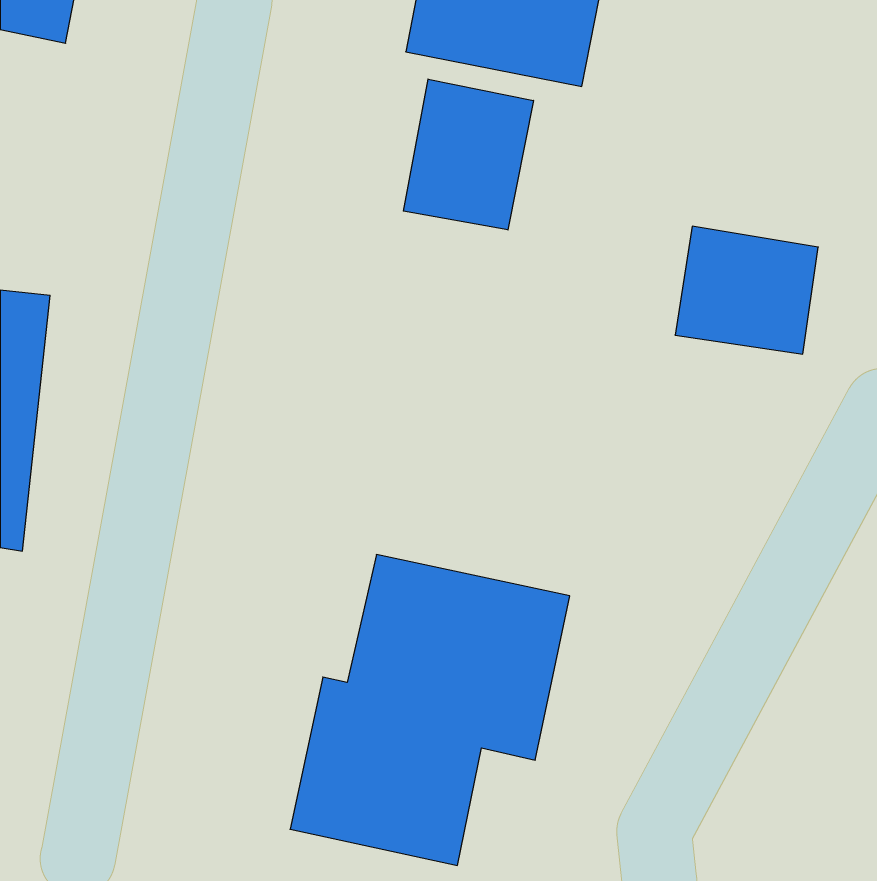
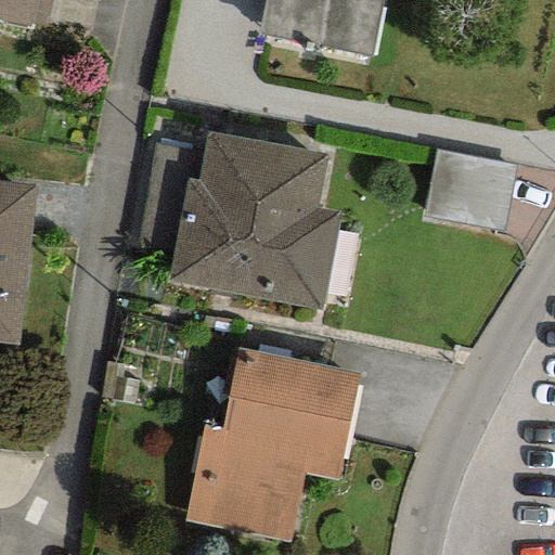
building: [403,79,533,230] -> none
building: none -> [167,131,343,311]

